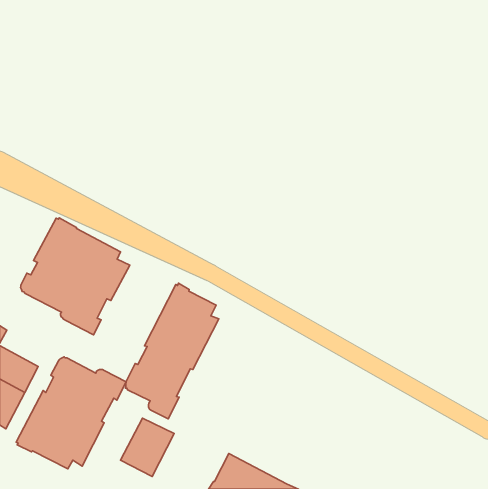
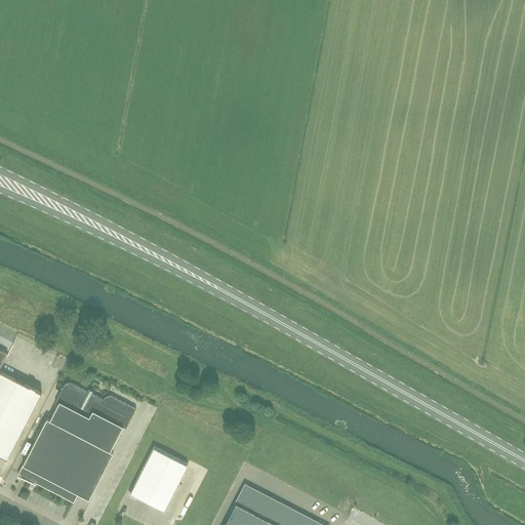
building: [21,218,130,335] -> none
building: [126,283,219,419] -> none

